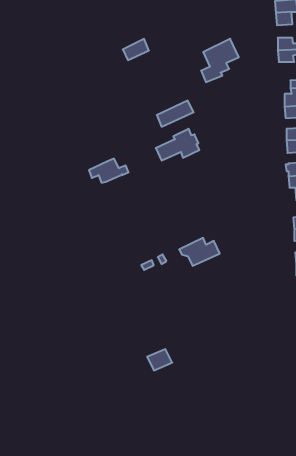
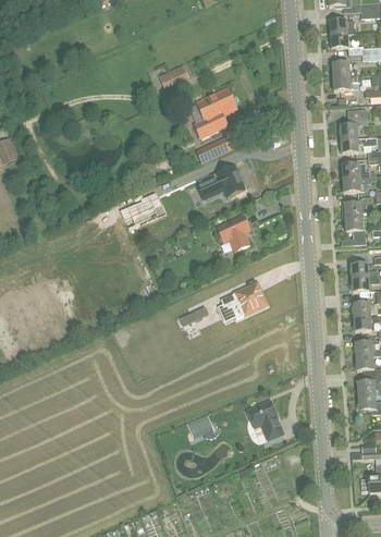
building: [201,39,239,82] -> [195,86,237,135]
building: none -> [217,213,250,248]
building: none -> [247,399,283,437]

